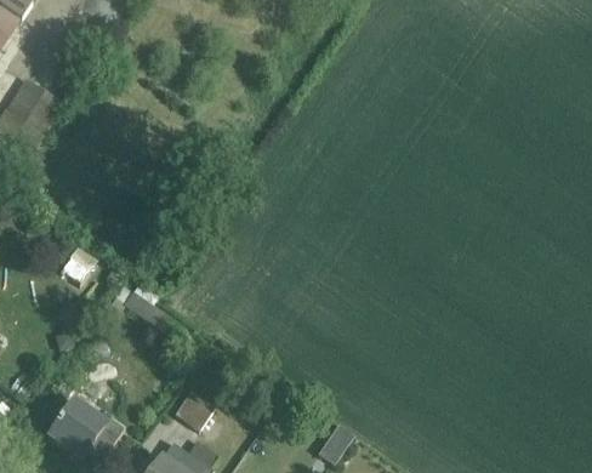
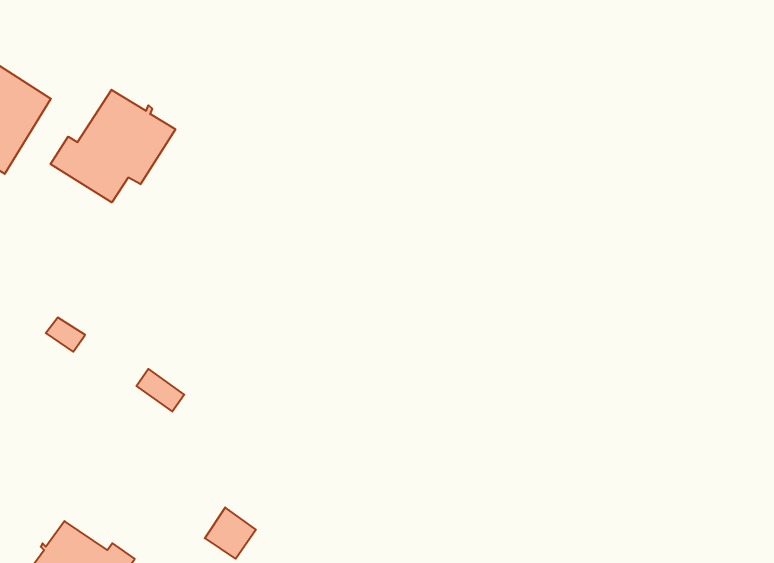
building: none -> [51,90,175,202]

